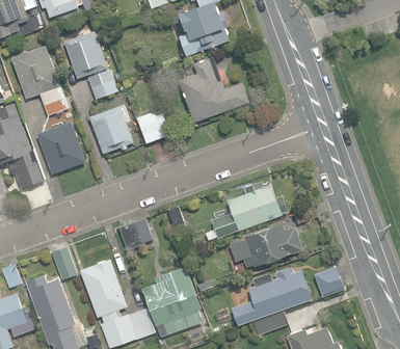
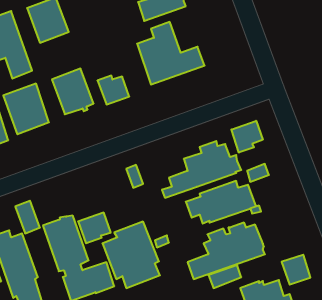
building: [87,70,117,100] -> none
building: none -> [231,121,263,153]
building: [117,218,152,250] -> [78,213,111,243]
building: [313,266,343,297] -> [282,255,310,285]

